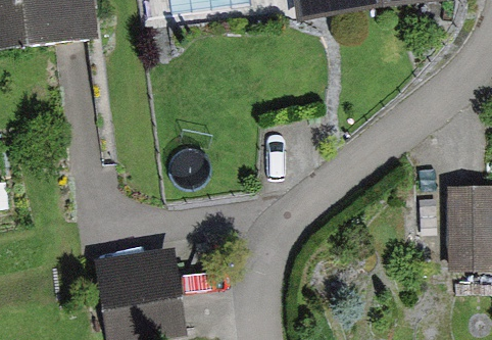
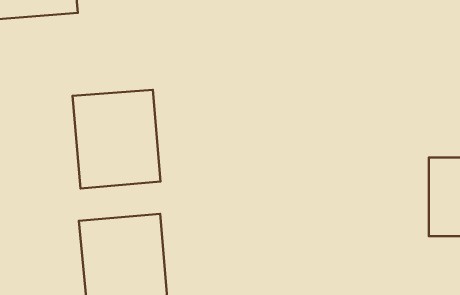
building: none -> [72,90,161,189]

